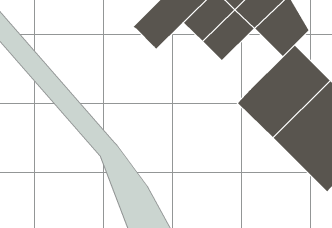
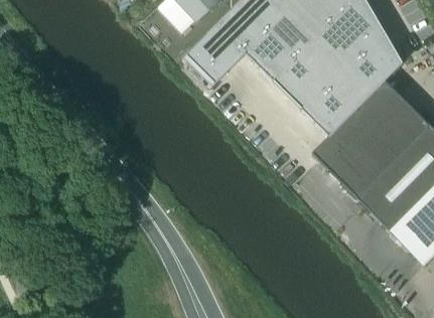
building: none -> [294,59,370,135]

